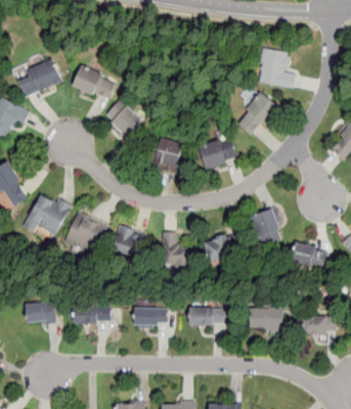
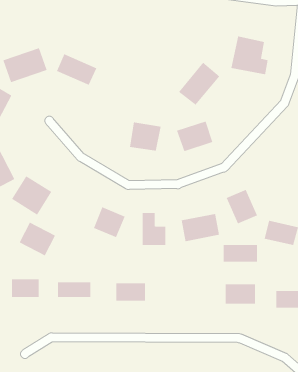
building: [234,91,278,137] -> [178,62,220,106]
building: [105,101,142,139] -> none
building: [65,217,104,253] -> [19,222,56,256]
building: [188,307,225,325] -> [223,245,258,262]

